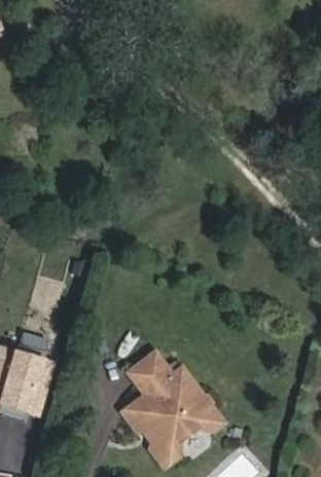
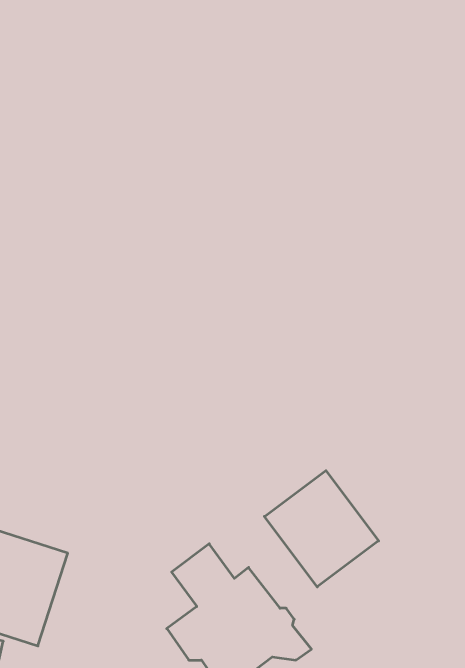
building: none -> [264,471,379,587]

